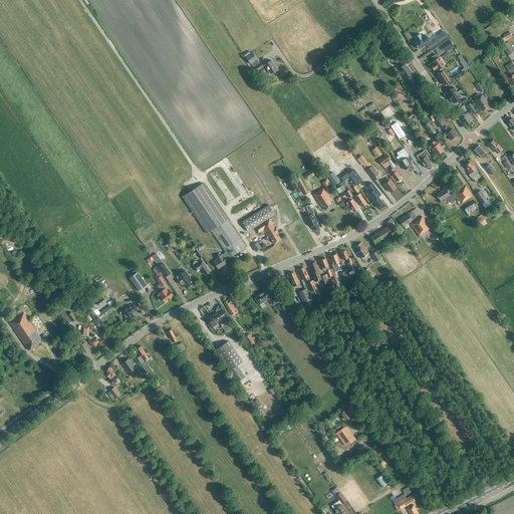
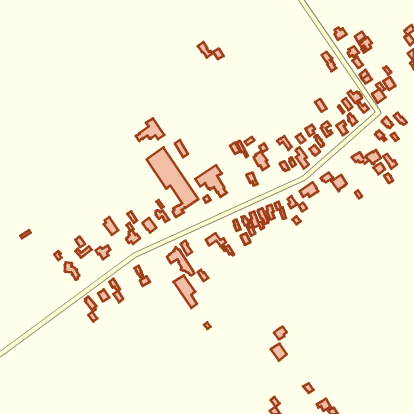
building: none -> [136,118,164,141]
building: [9,312,43,350] -> none

